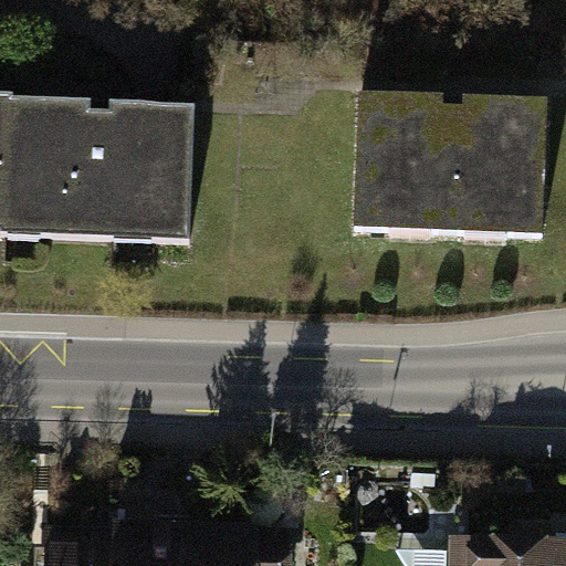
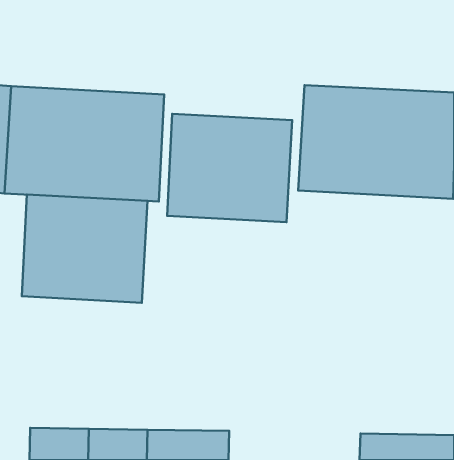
building: none -> [167,114,292,222]
building: none -> [22,195,148,303]

